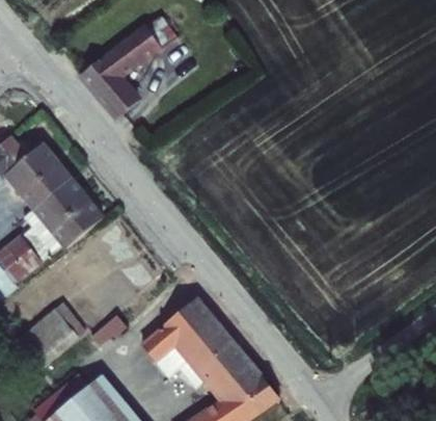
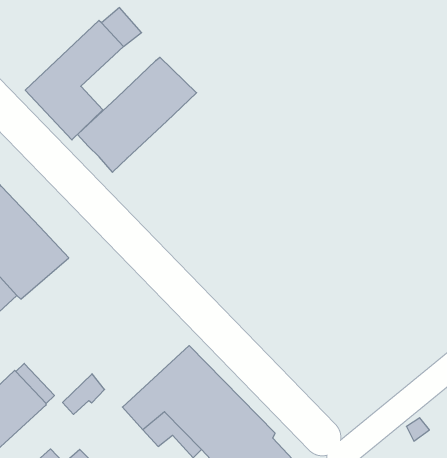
building: none -> [77,57,197,172]

